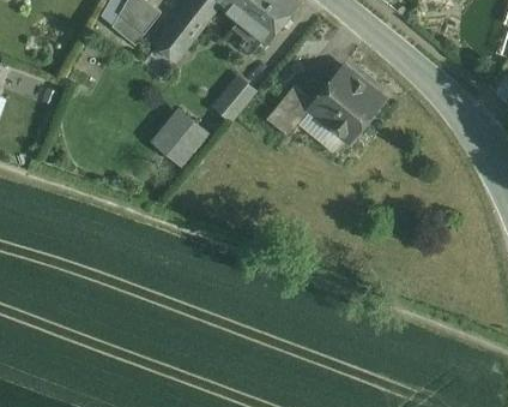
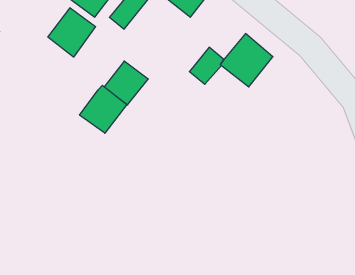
building: none -> [48,8,96,57]
building: [211,72,256,121] -> none
building: none -> [80,85,127,133]

